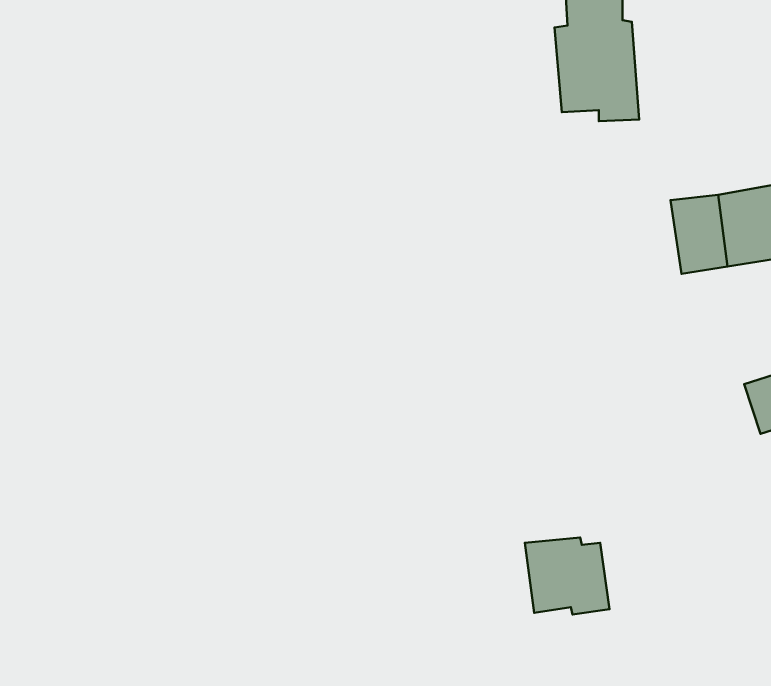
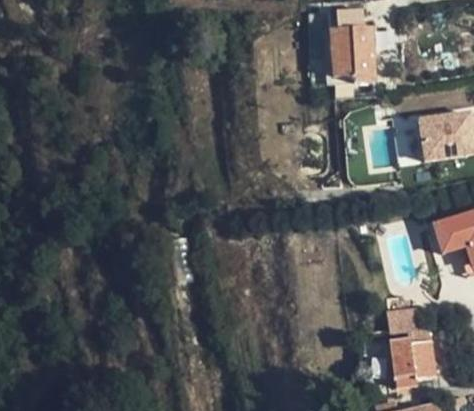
building: none -> [389,303,423,332]
building: [525,537,609,615] -> [389,337,435,379]

